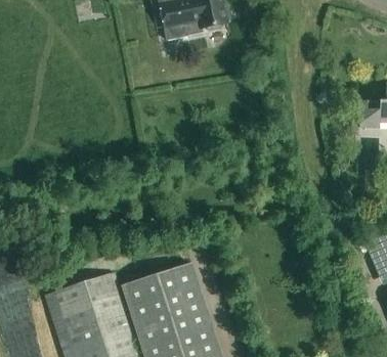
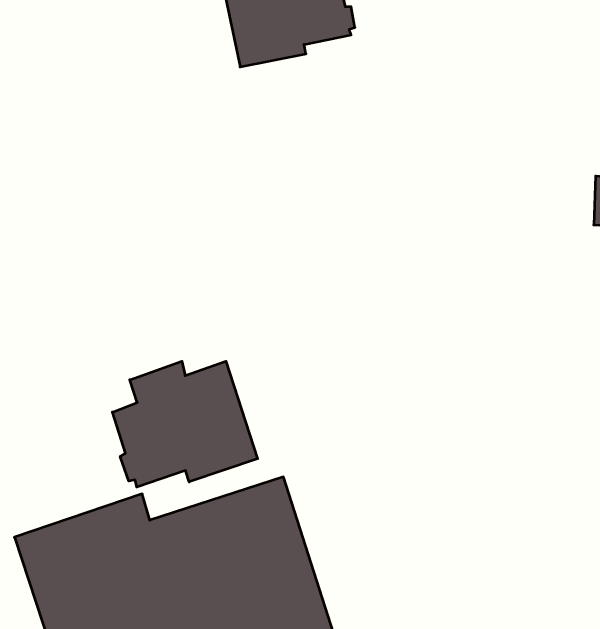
building: none -> [112,361,258,487]

